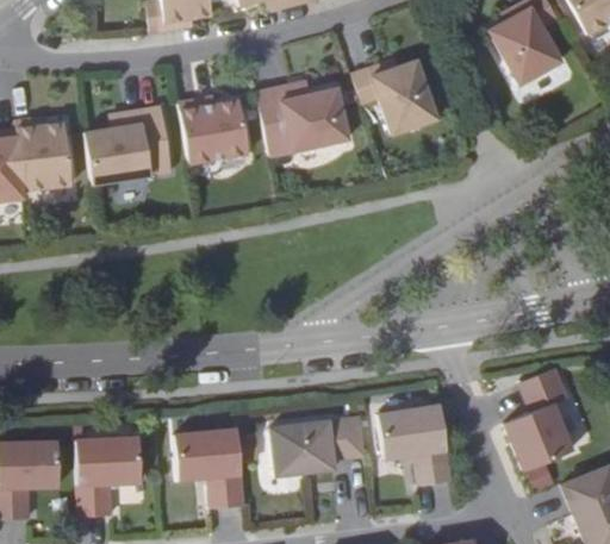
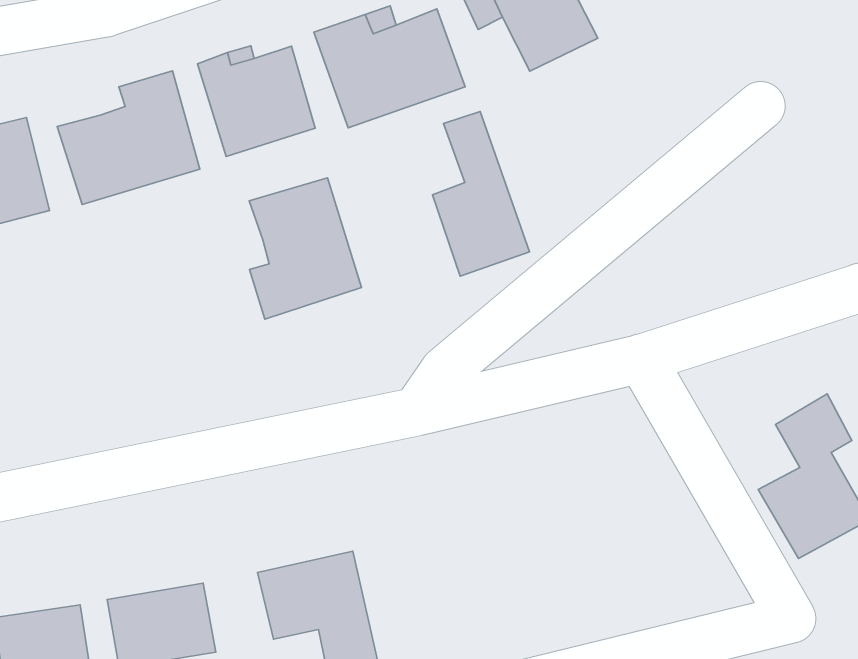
building: none -> [432,112,530,276]
building: none -> [249,178,362,319]
building: [379,405,453,486] -> none
building: [272,417,366,476] -> none

